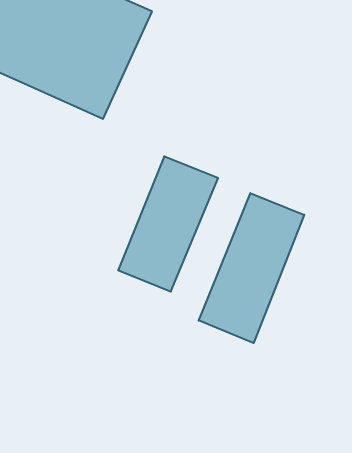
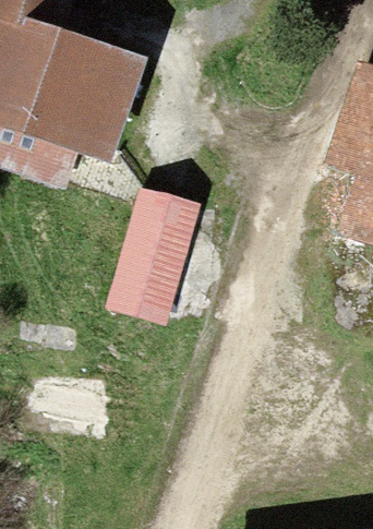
building: [199,193,304,343] -> none

